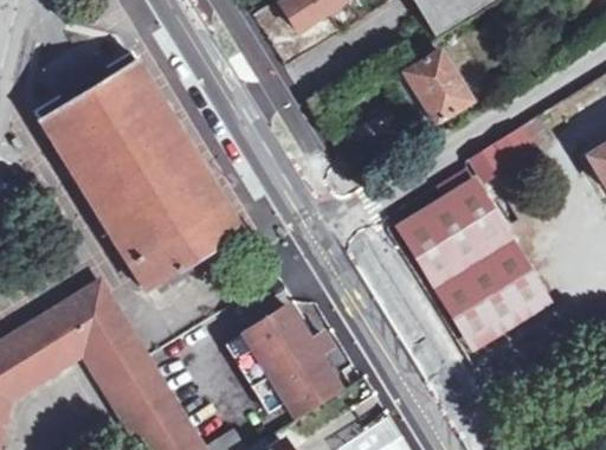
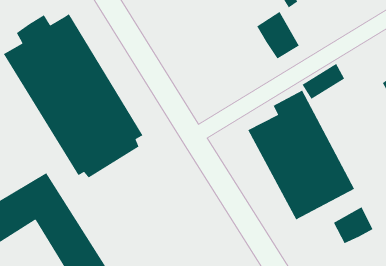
building: [232,297,343,410] -> none
building: none -> [333,206,373,244]

